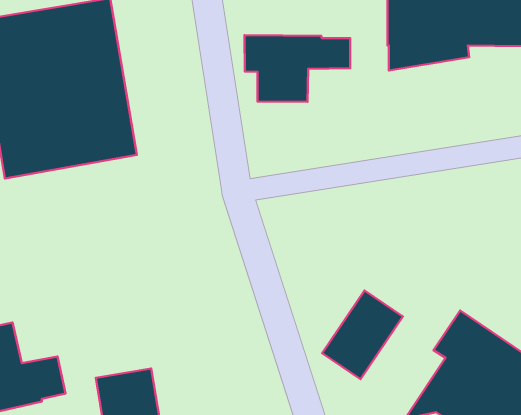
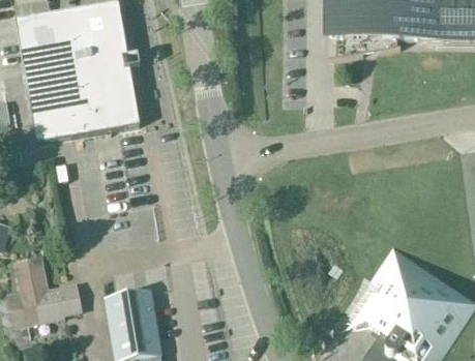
building: [244,35,350,102] -> none
building: [322,291,403,379] -> none

